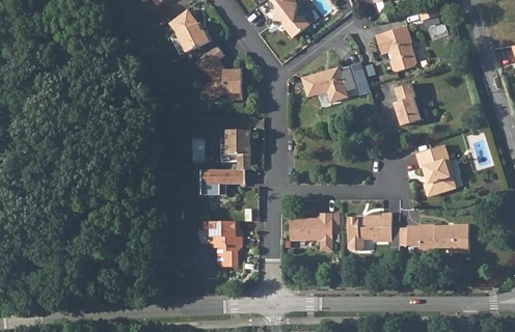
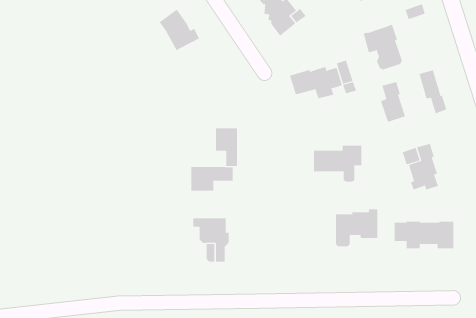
building: [194,46,242,102] -> none
building: none -> [419,70,447,114]
building: [290,214,340,251] -> [313,145,362,182]

